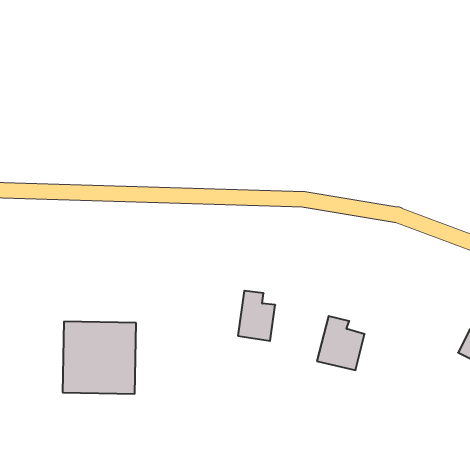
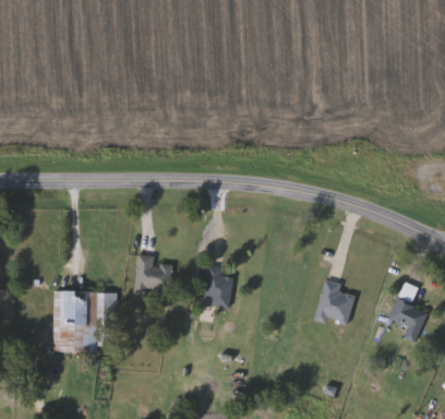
building: none -> [136,254,173,291]
building: [317,316,365,370] -> [315,279,356,325]

